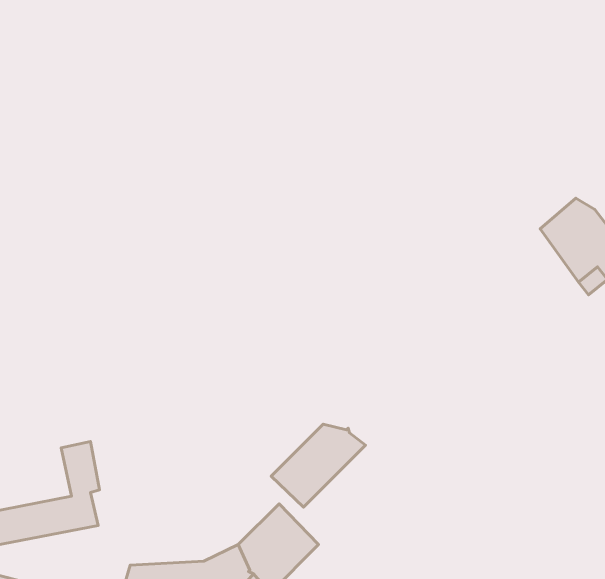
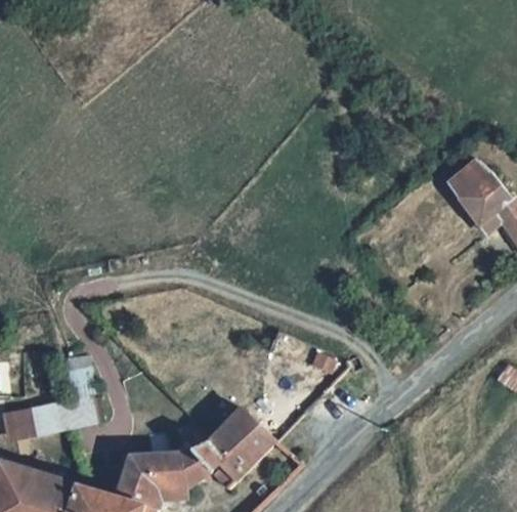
building: [271,424,365,507] -> none

